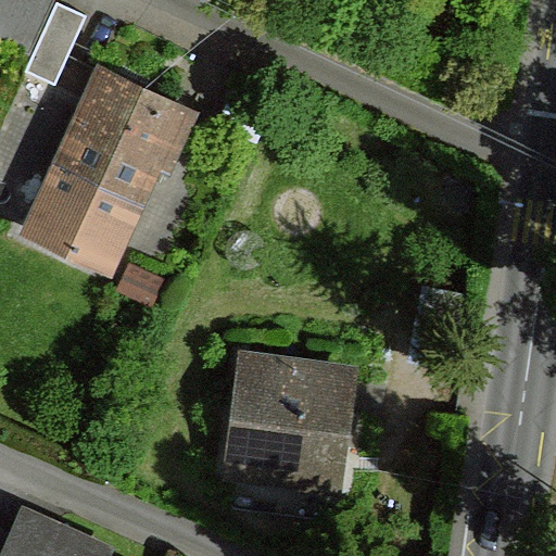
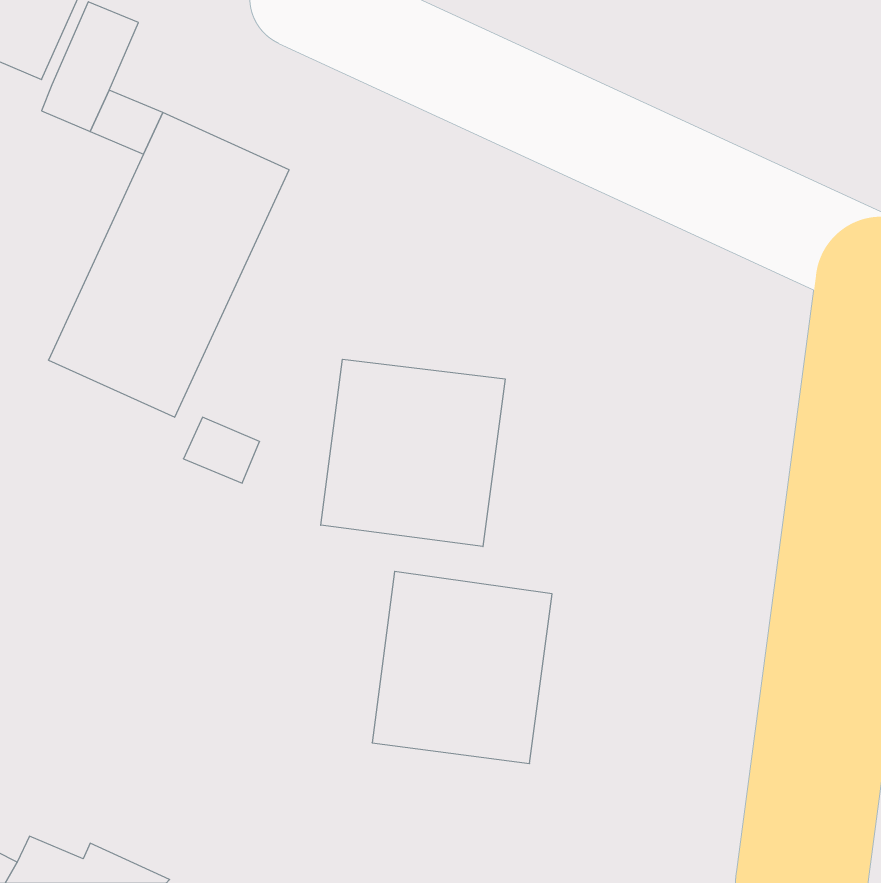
building: none -> [321,359,505,547]

